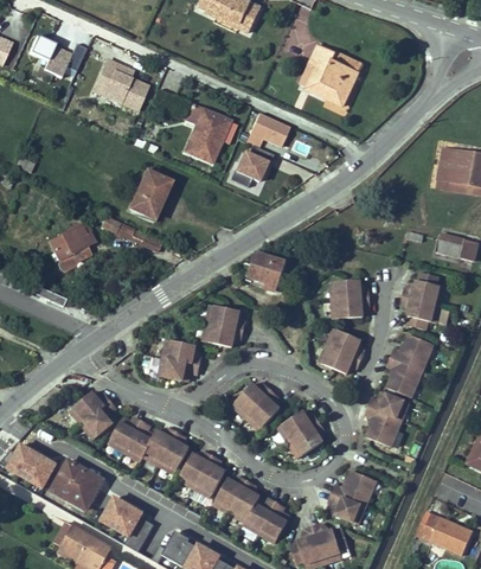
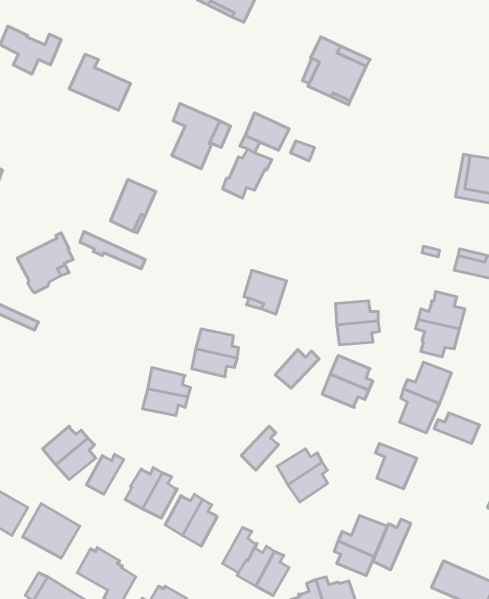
building: [232,382,271,416] -> [275,350,319,388]
building: [370,391,410,418] -> [434,413,480,443]
building: [124,420,154,460] -> none
building: none -> [373,519,411,570]
building: [213,475,248,512] -> none

